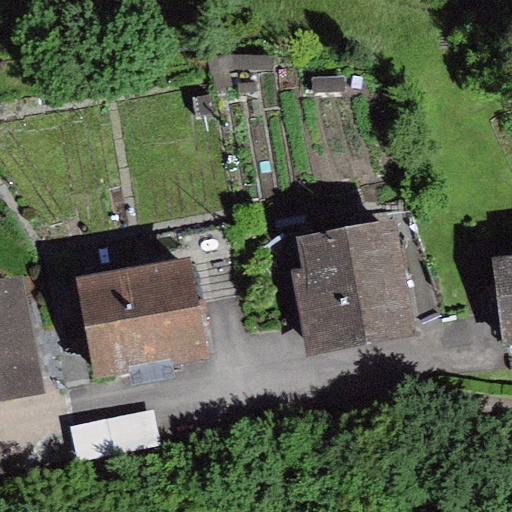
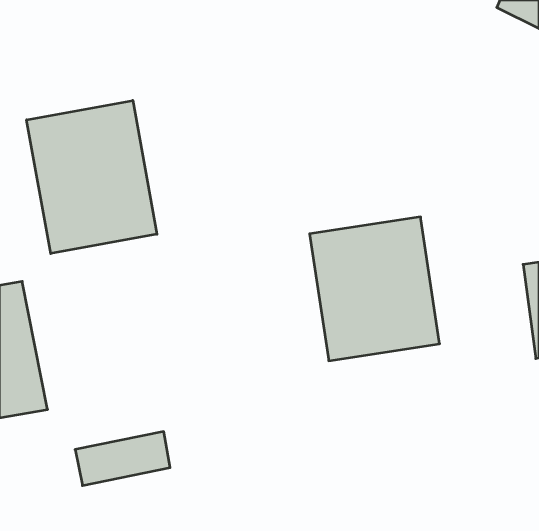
building: none -> [27,100,157,254]
building: [77,256,205,375] -> none

